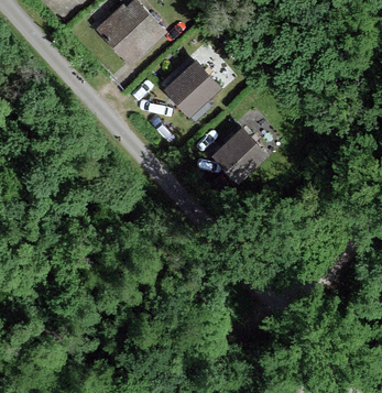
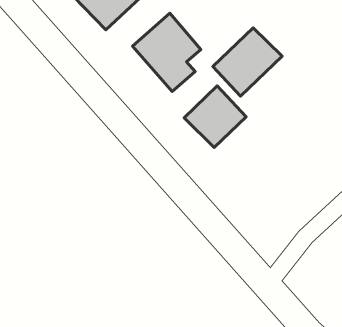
building: none -> [213,28,282,96]

